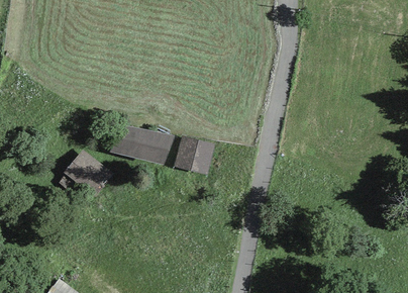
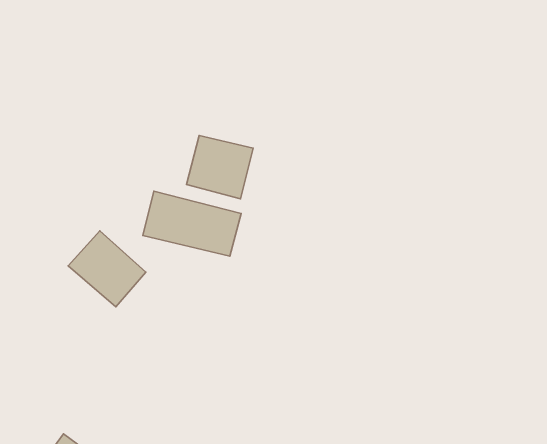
building: [174,134,216,175] -> [186,135,253,199]

